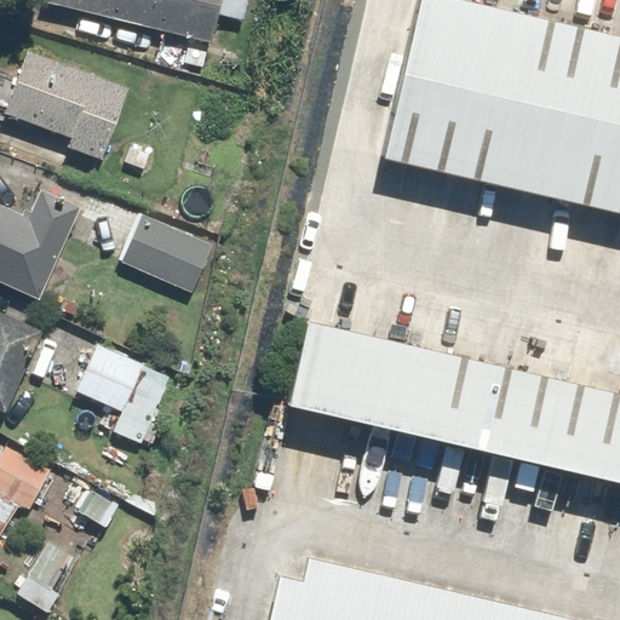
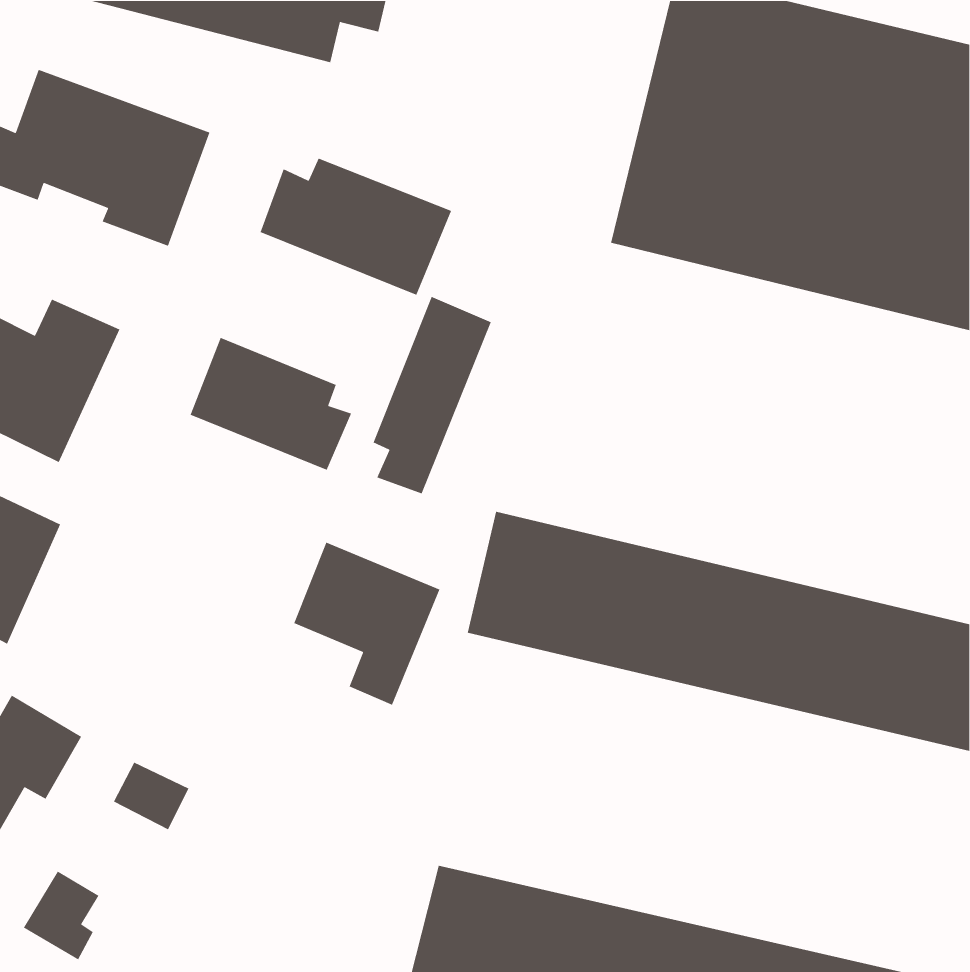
building: none -> [259,158,452,296]
building: none -> [373,296,492,494]
building: [74,340,167,444] -> [293,541,440,706]

